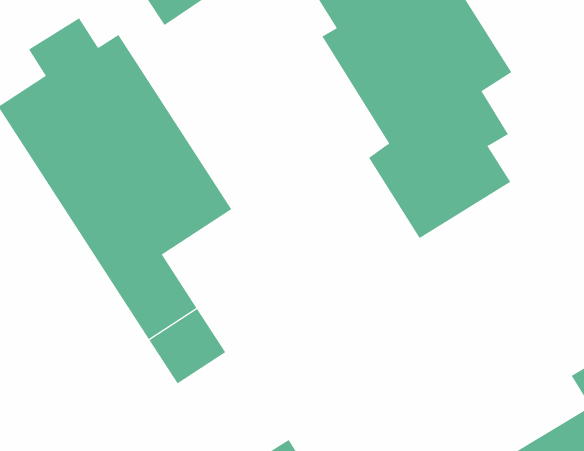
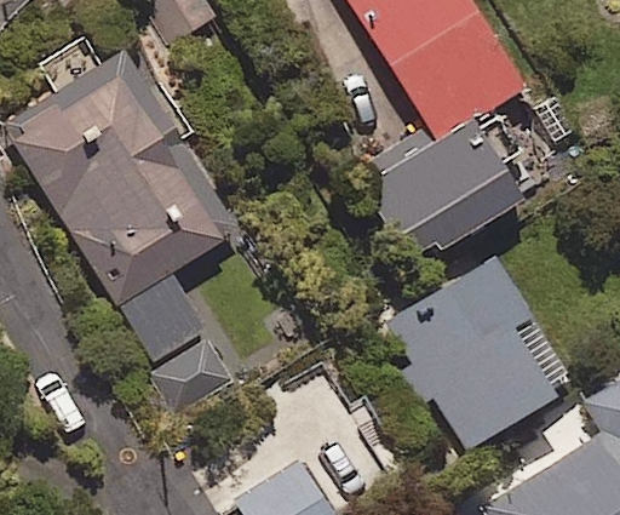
building: none -> [384,257,574,452]

